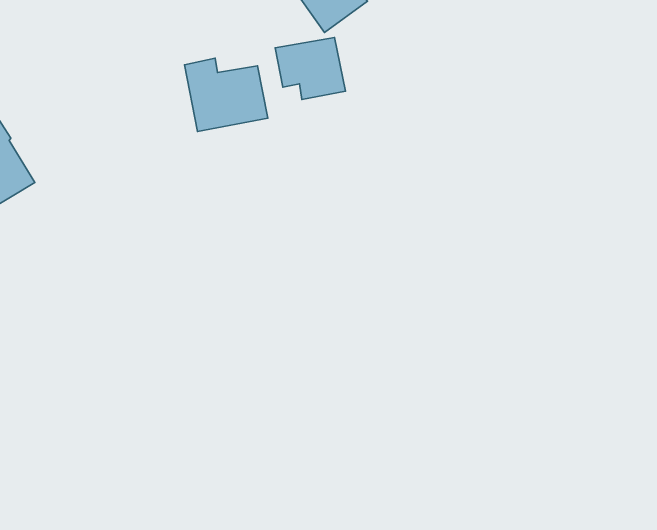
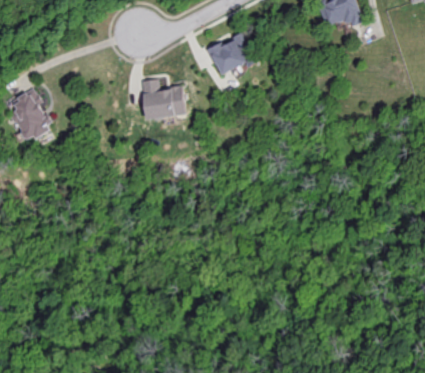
building: [275,37,346,100] -> none

